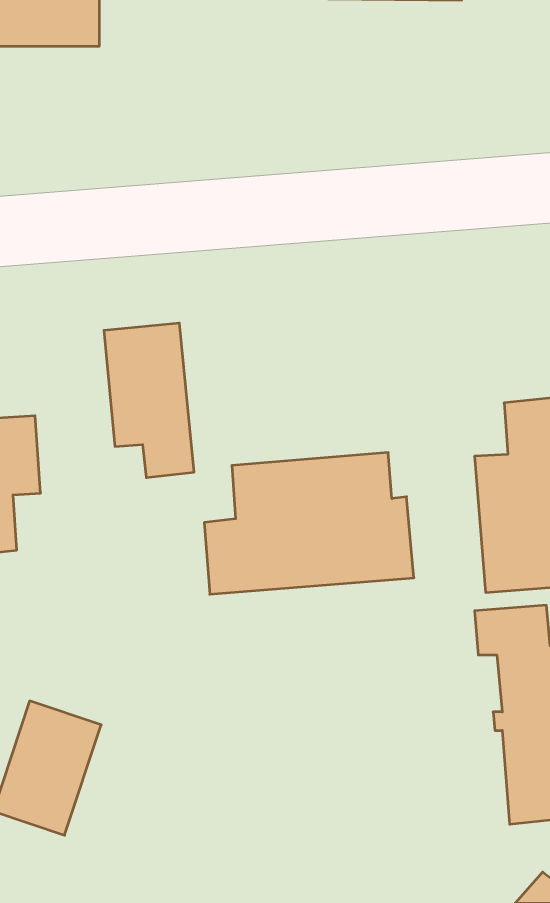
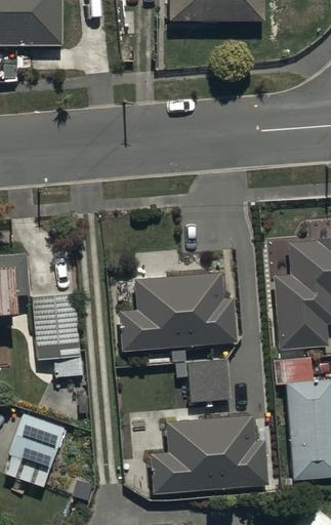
building: [104,323,194,478] -> [32,293,82,379]
building: none -> [189,359,232,403]
building: none -> [153,416,271,493]

